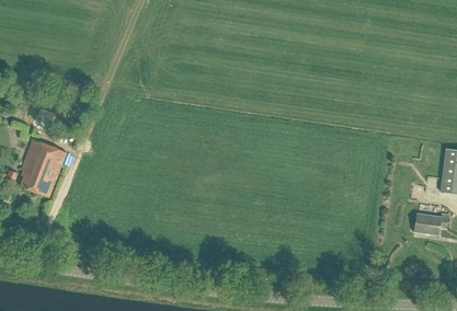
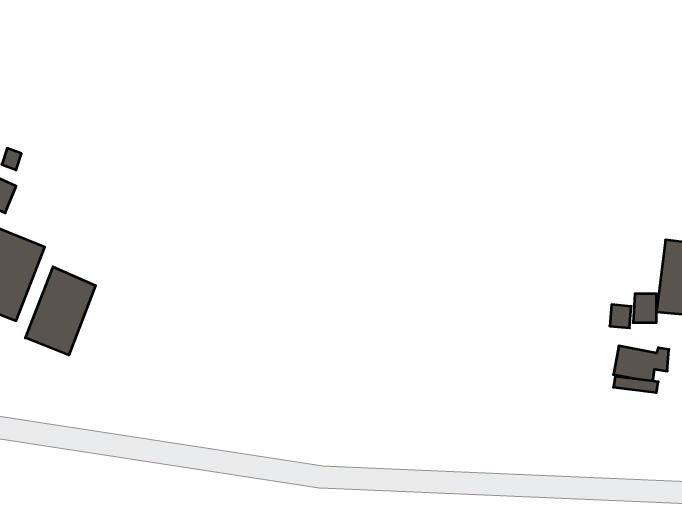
building: none -> [25,267,96,355]

